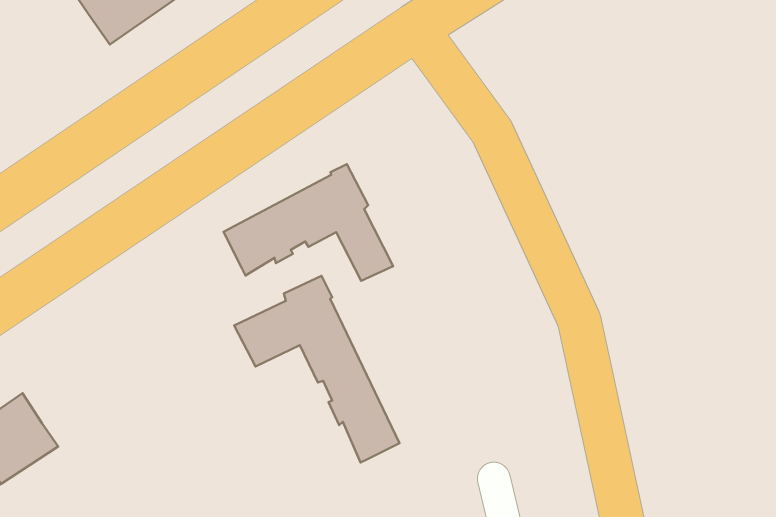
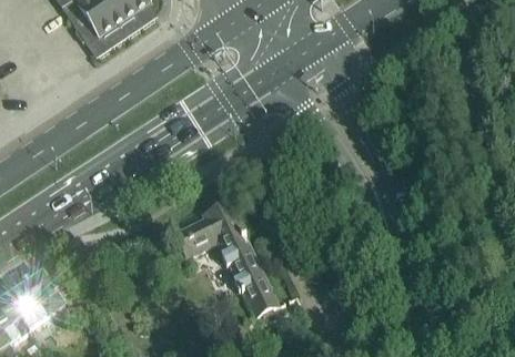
building: [224,164,393,281] -> none

